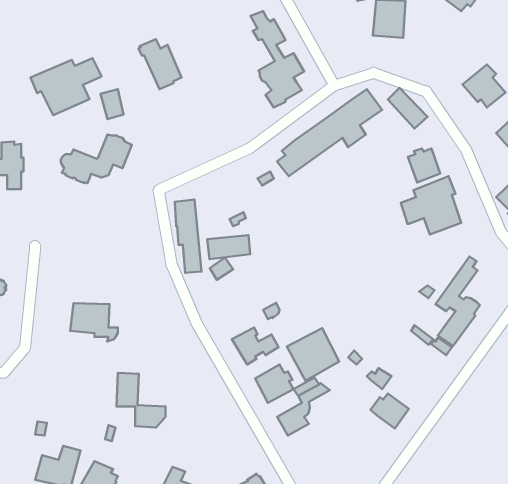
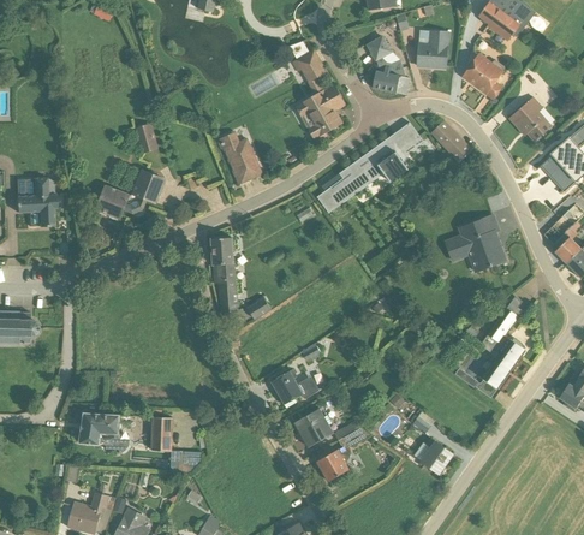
building: none -> [367,36,410,95]
building: none -> [461,54,503,99]
building: [138,39,182,89] -> [216,132,261,184]
building: [31,58,101,115] -> none
building: [408,148,440,183] -> none
building: [207,235,250,259] -> none
building: [70,303,118,341] -> [79,414,129,453]
building: [287,328,339,381] -> none

